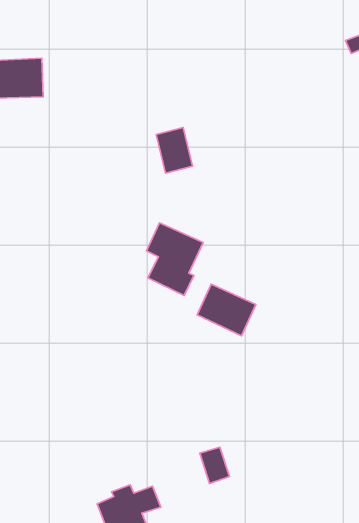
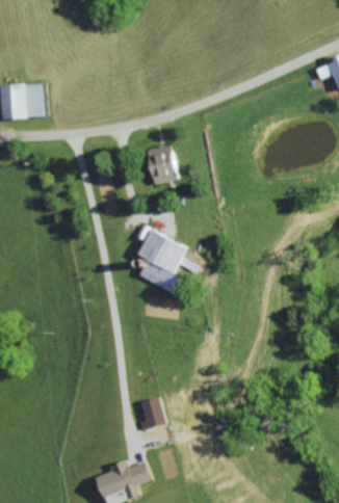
building: [197,284,256,336] -> none
building: [200,447,229,484] -> [138,397,164,429]

